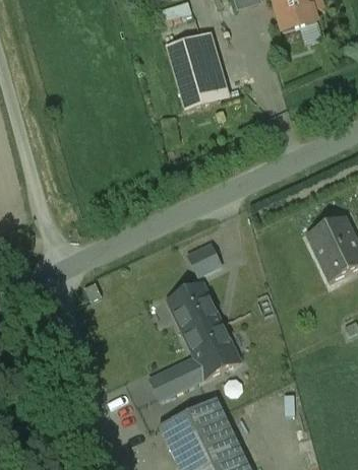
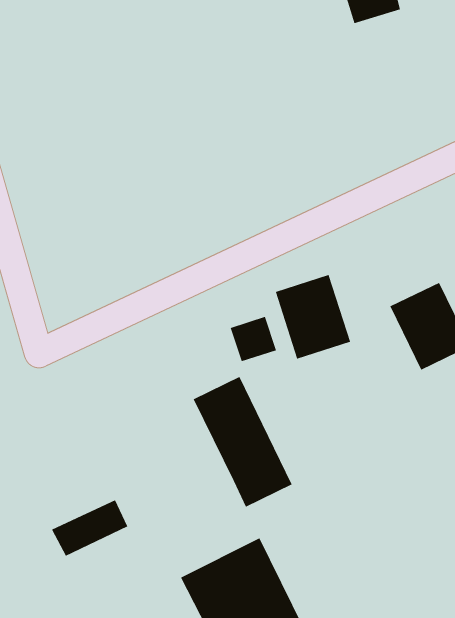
building: [168,36,218,109] -> none
building: none -> [275,274,351,360]
building: [151,357,205,398] -> [51,499,128,556]

